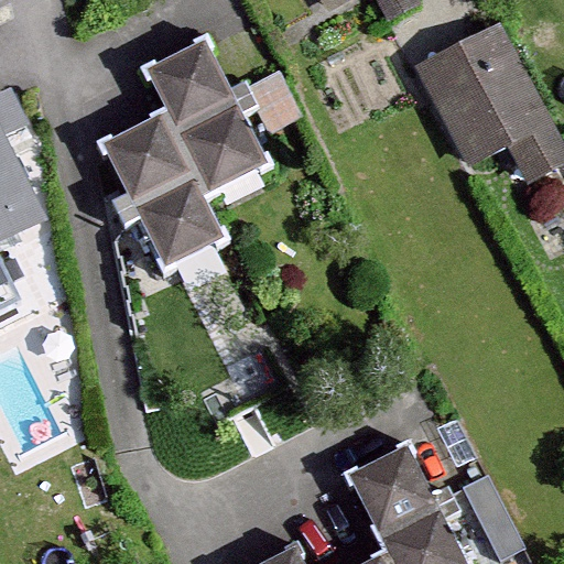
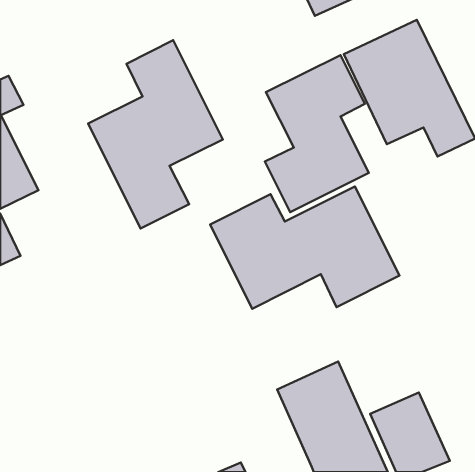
building: none -> [265,55,369,212]
building: none -> [210,186,400,309]

